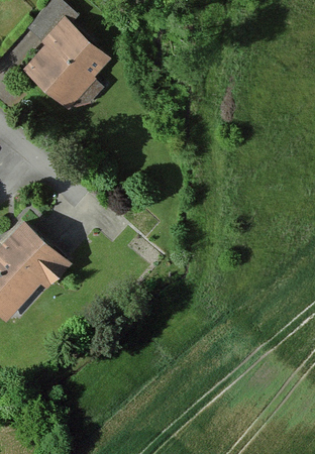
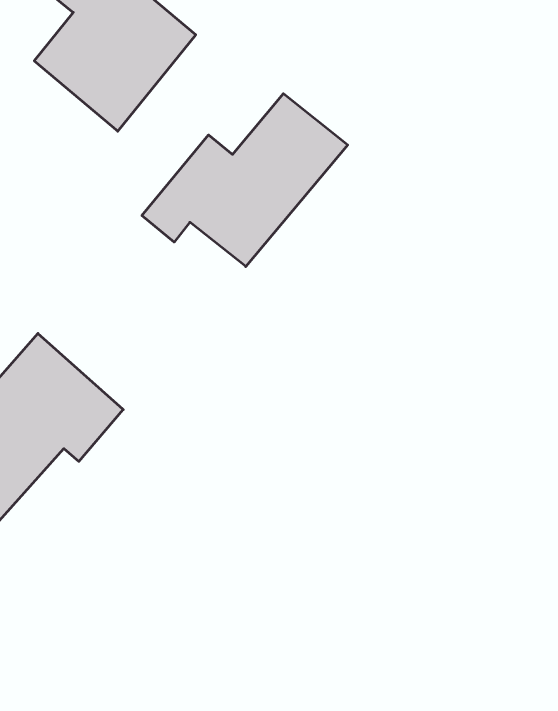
building: none -> [142,94,348,267]

